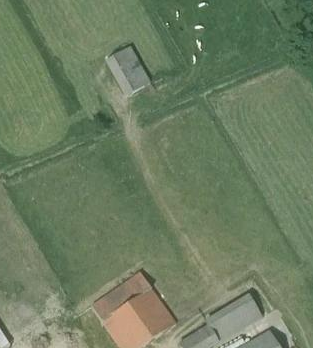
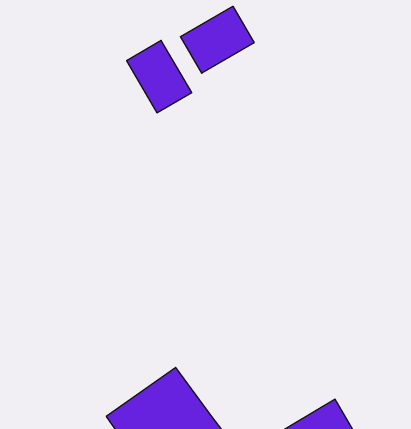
building: none -> [180,6,254,73]

